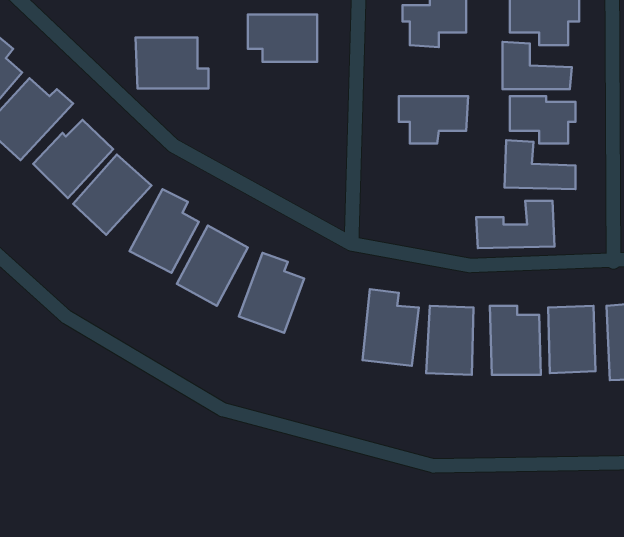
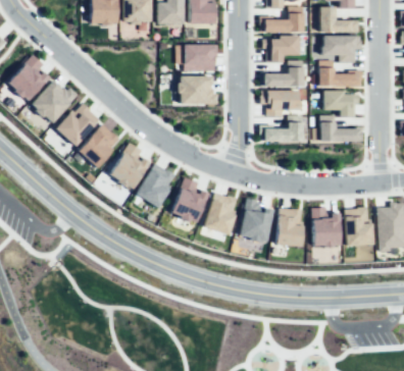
building: [136,38,208,88] -> [179,76,219,105]
building: none -> [261,60,304,87]
building: [476,201,554,248] -> [260,116,304,143]
building: none -> [204,192,239,234]

